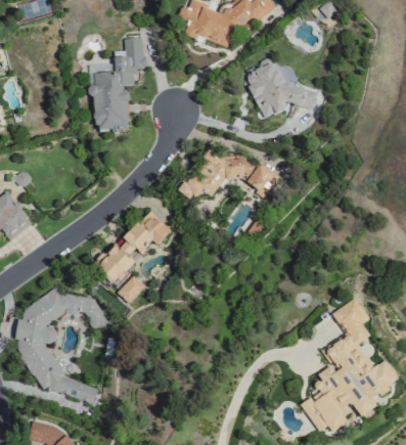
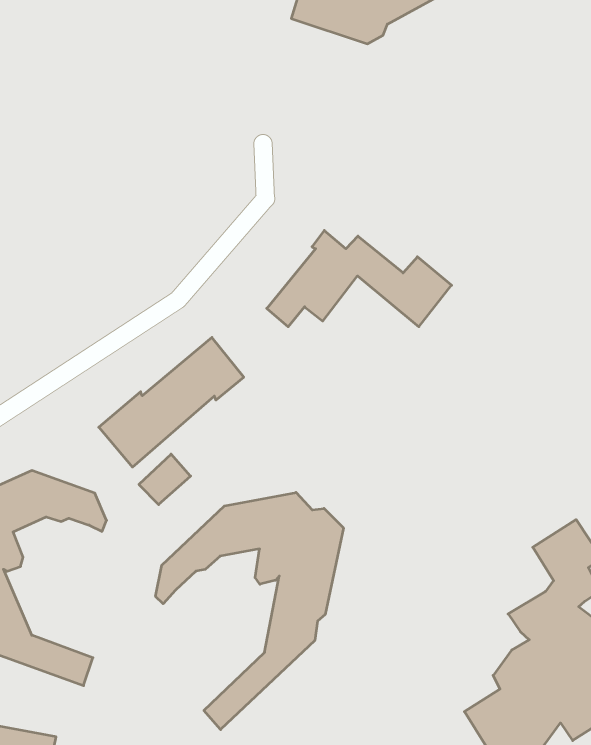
building: [89,35,148,134] -> none
building: [246,56,319,119] -> none
building: none -> [156,492,343,730]

